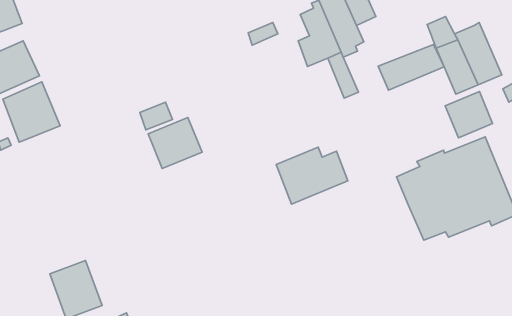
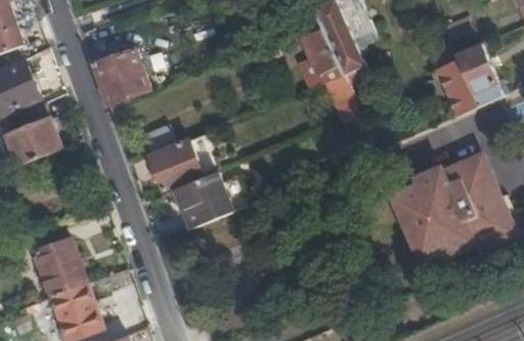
building: none -> [92,48,149,103]
building: [378,44,444,90] -> none
building: [445,92,493,138] -> none
building: [276,147,348,204] -> [175,171,247,228]
building: none -> [29,225,86,295]

